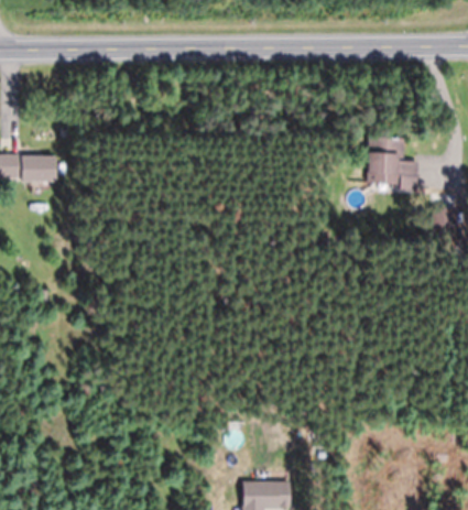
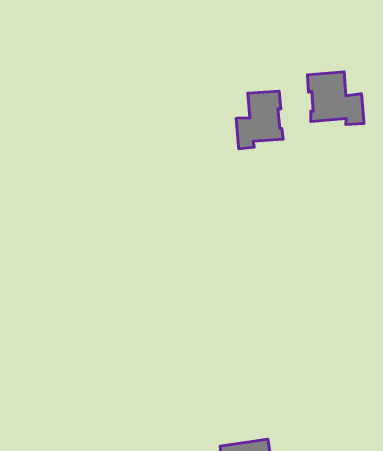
building: none -> [236,91,283,149]

